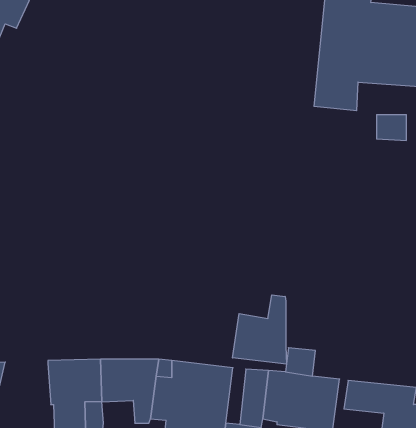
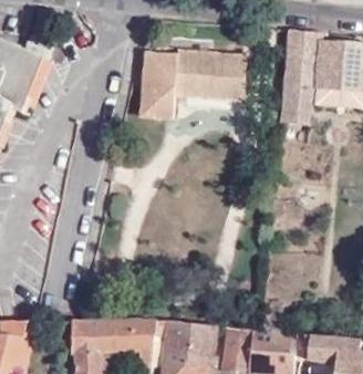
building: none -> [139,49,246,117]
building: [233,295,286,364] -> none

